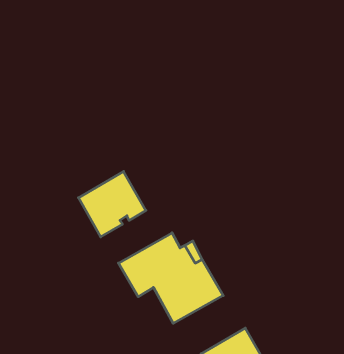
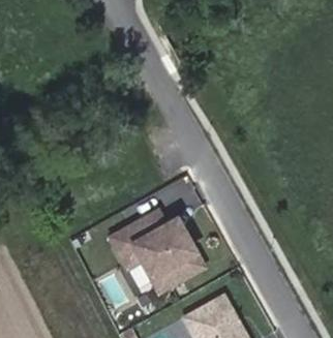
building: [78,171,146,237] -> none

